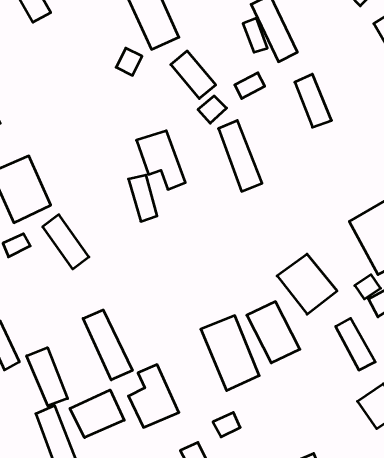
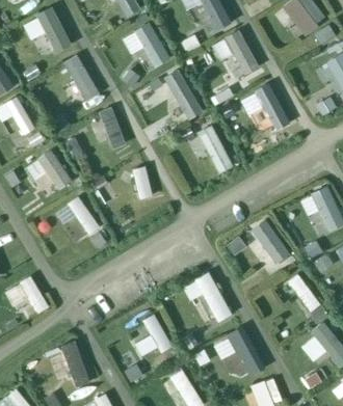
building: none -> [65,52,99,104]
building: [136,131,185,189] -> [89,107,127,152]
building: [247,302,300,363] -> [217,326,258,373]
building: [83,310,132,380] -> none
building: [27,348,68,406] -> none
building: [70,390,124,438] -> none

